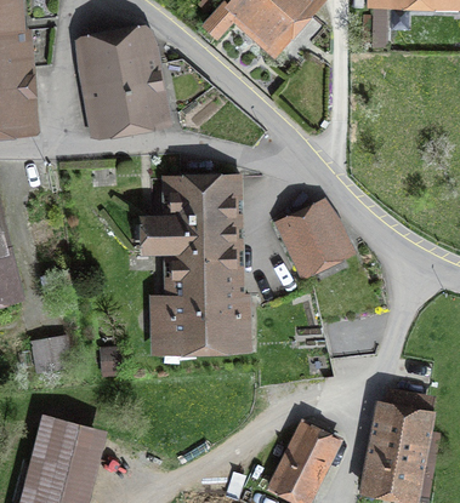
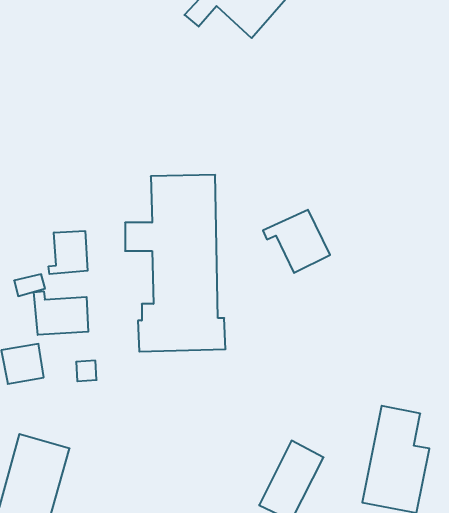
building: [84,32,159,131] -> none
building: none -> [49,231,88,274]
building: none -> [34,291,88,335]

